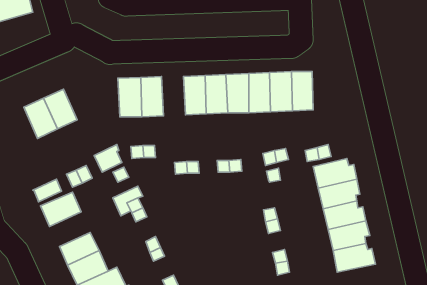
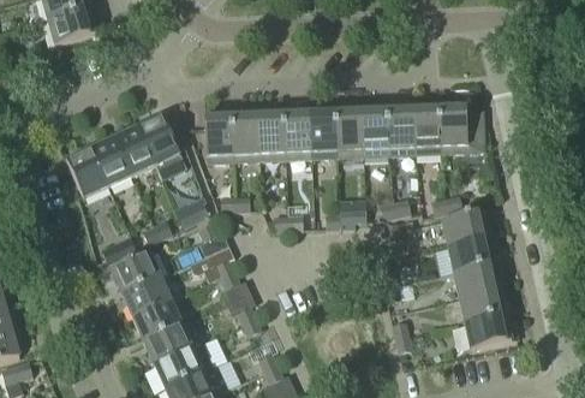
building: none -> [438,102,483,150]
building: none -> [256,109,285,158]
building: none -> [137,113,185,177]
building: none -> [65,147,106,196]
building: none -> [120,274,169,316]

